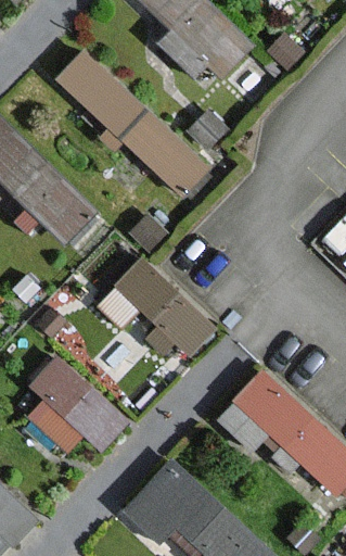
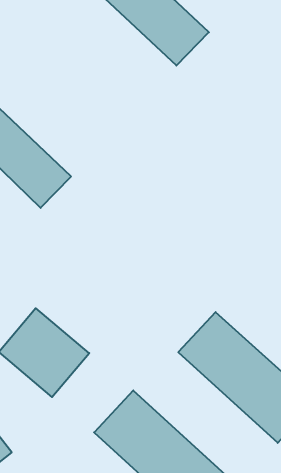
building: [52,46,210,199] -> none
building: [103,251,218,367] -> none

